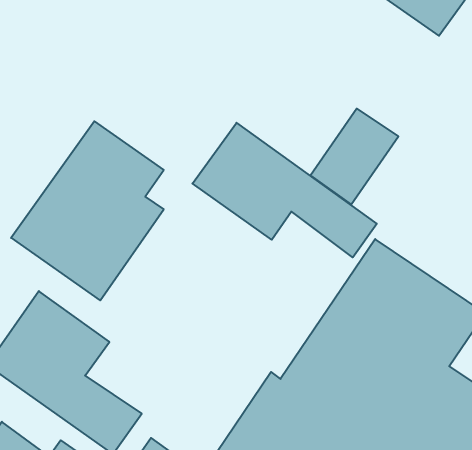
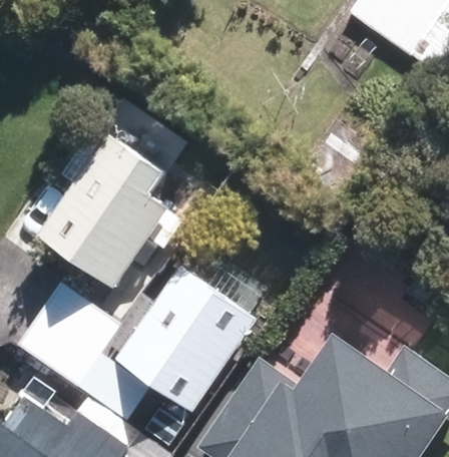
building: [192,123,377,257] -> none
building: none -> [112,268,257,414]

